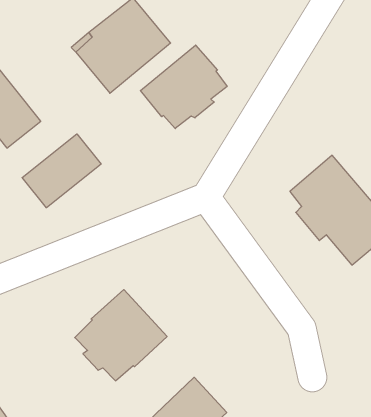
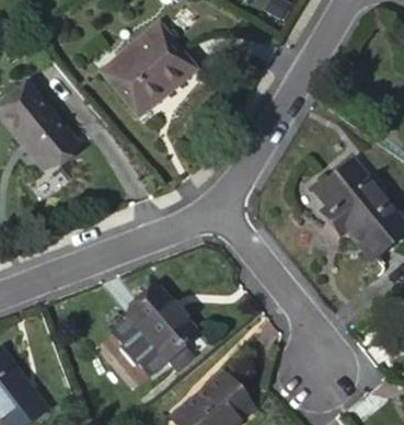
building: [140,45,227,129] -> none
building: [22,134,101,208] -> none

